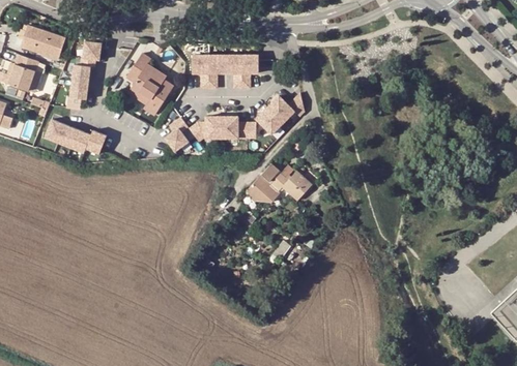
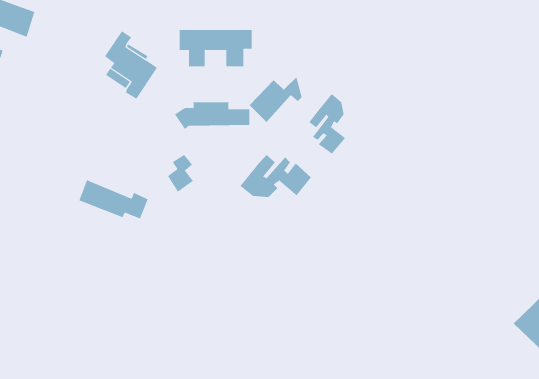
building: [69,33,103,98] -> none
building: none -> [308,93,346,154]
building: [166,117,190,151] -> [167,154,194,193]
building: [45,118,107,153] -> [78,179,149,219]

